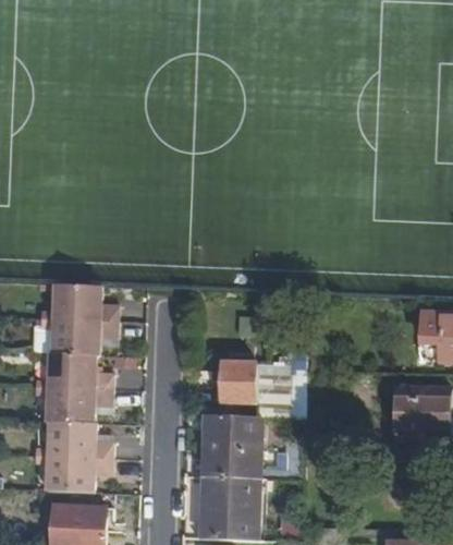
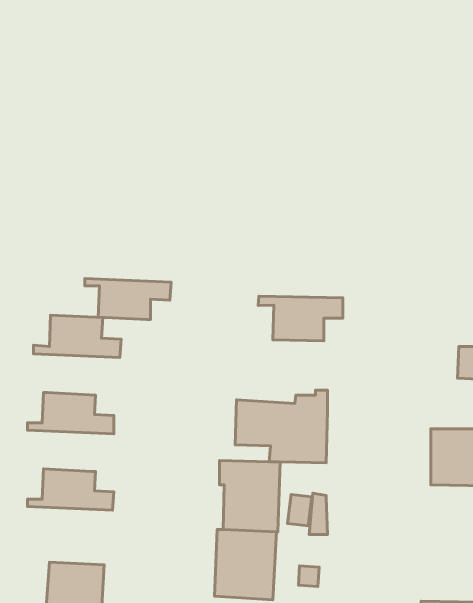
building: none -> [258,296,343,341]
building: [39,318,117,355] -> [85,278,171,320]
building: [33,387,111,424] -> none
building: [33,456,110,493] -> none

